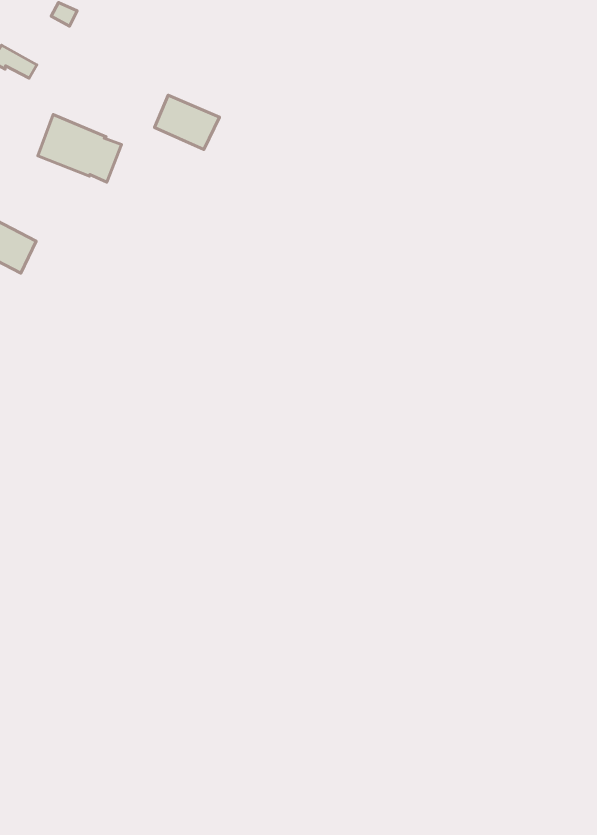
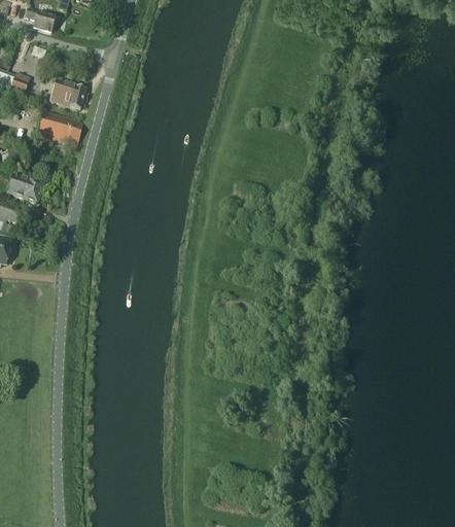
building: [154,95,219,149] -> [49,80,85,108]

